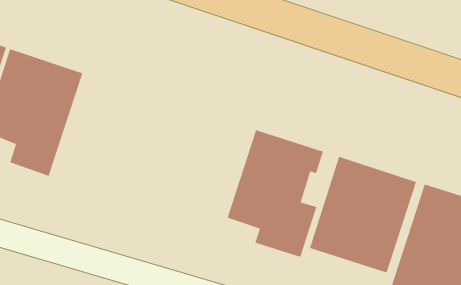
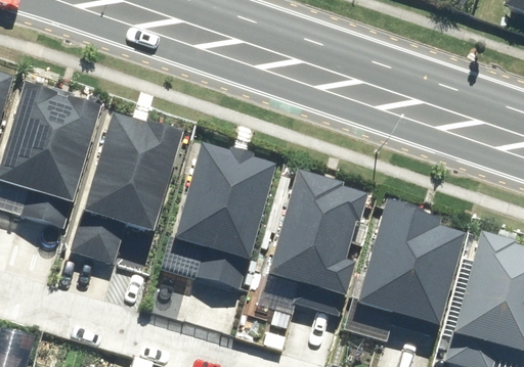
building: none -> [69,116,183,261]
building: none -> [165,143,278,286]

